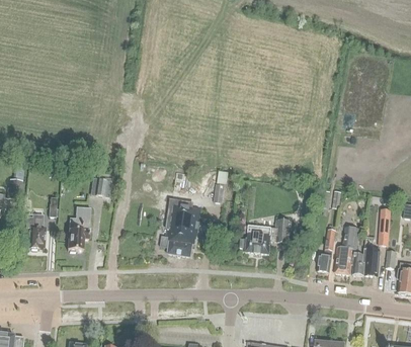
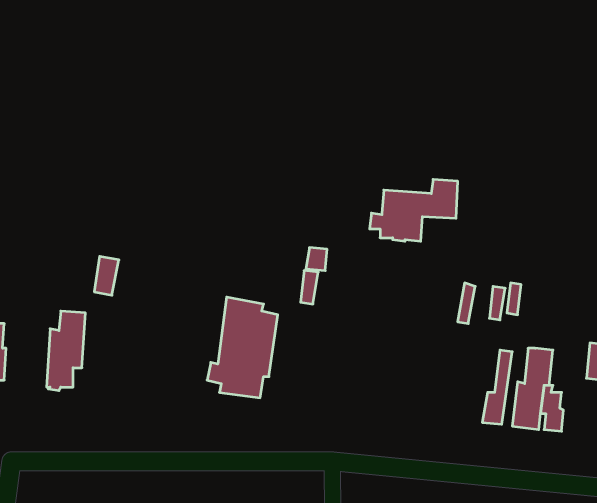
building: [240,219,291,254] -> [370,179,458,241]
building: [362,248,380,274] -> none

